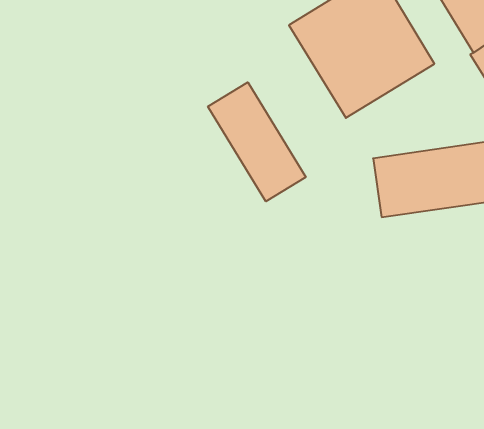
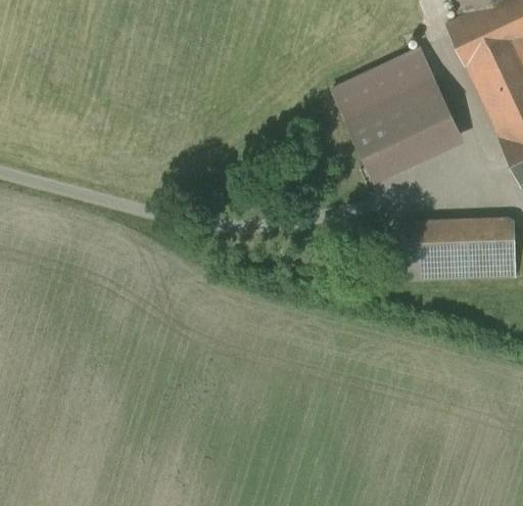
building: [208,82,306,201] -> none

